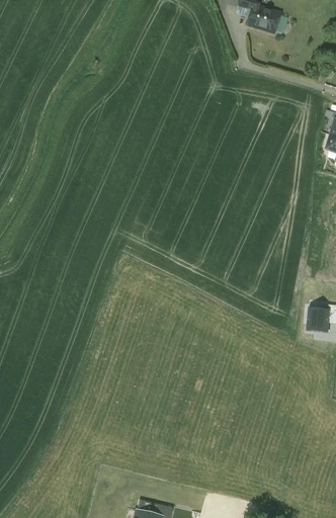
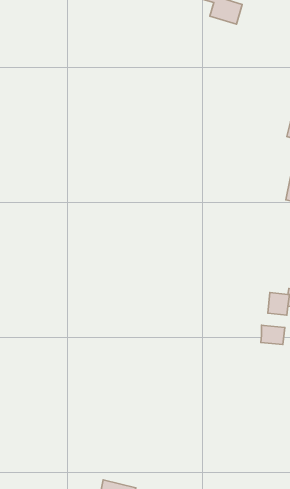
building: none -> [261,325,285,345]

